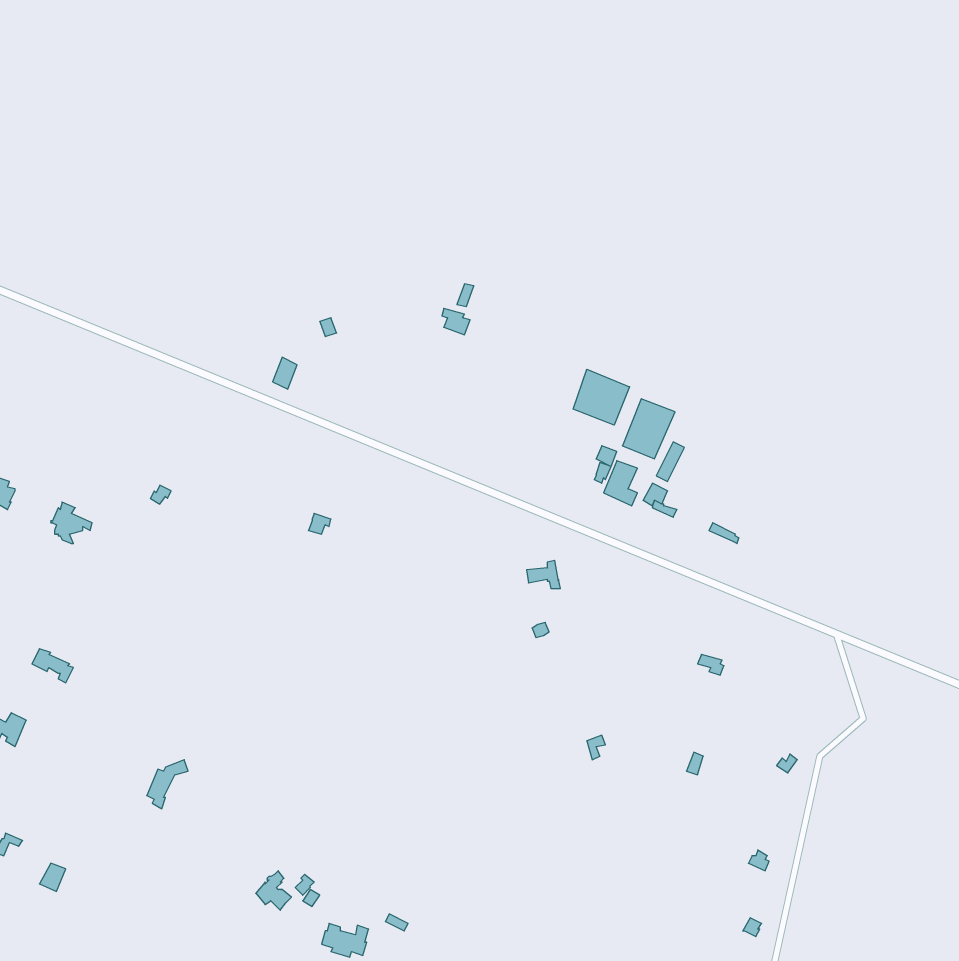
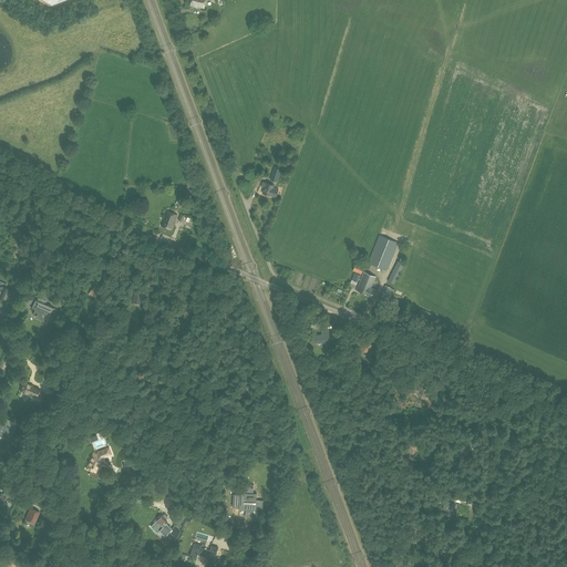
building: [573,369,630,425] -> none
building: none -> [233,484,262,516]

